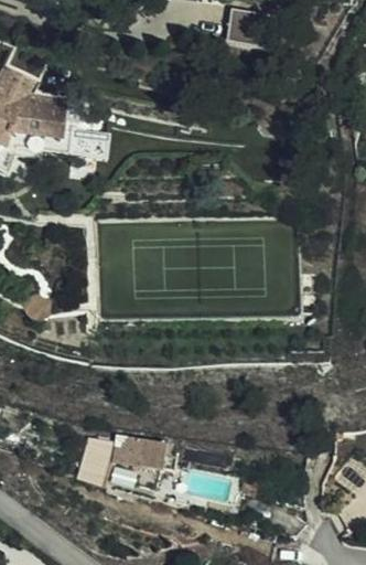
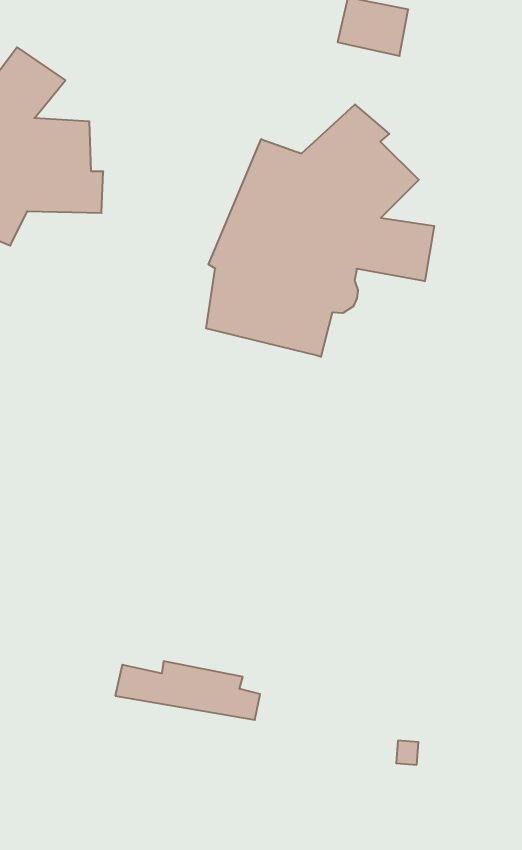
building: none -> [206,104,434,357]

